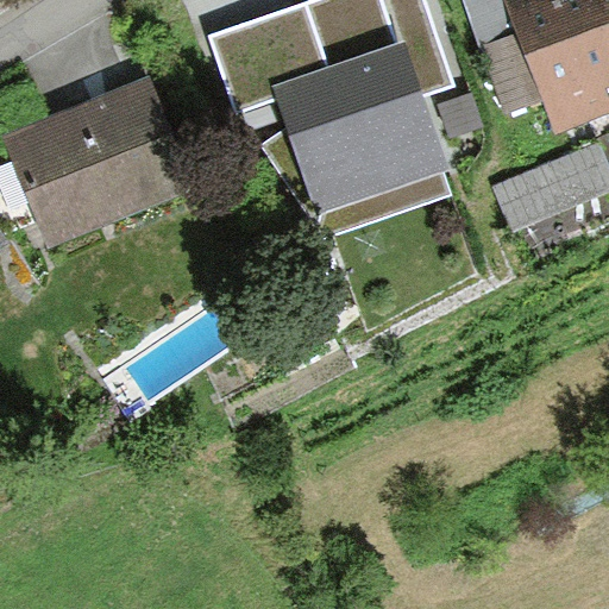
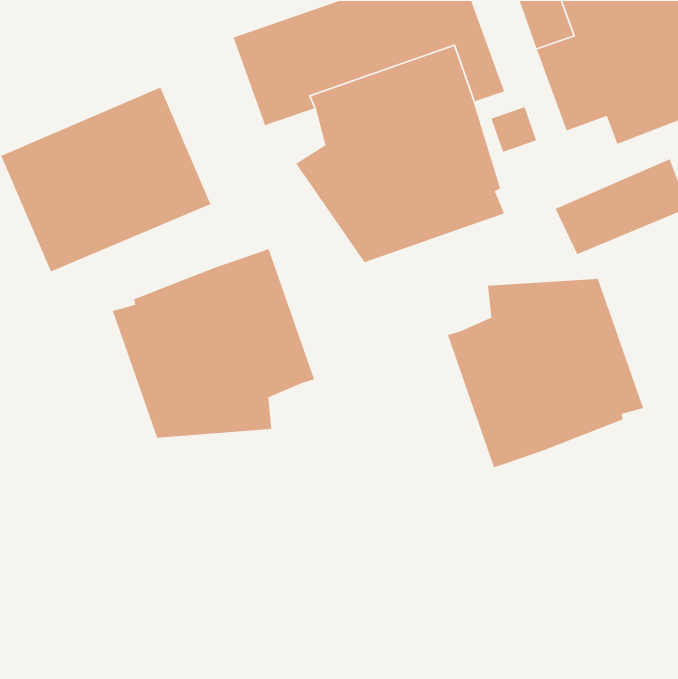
building: none -> [112,248,315,439]
building: none -> [447,278,644,469]

